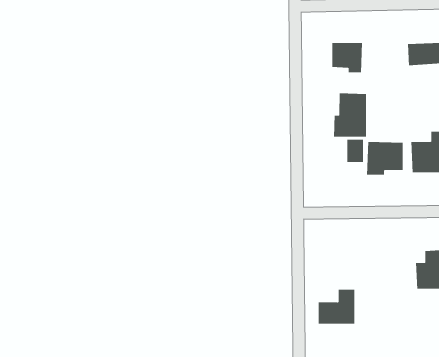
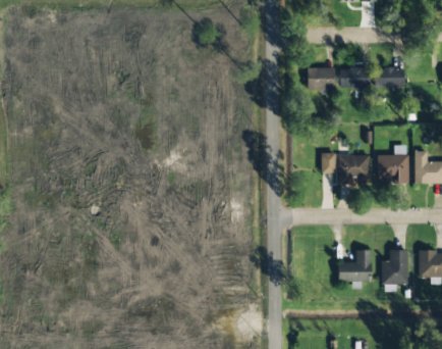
building: none -> [340,67,369,87]
building: [334,92,367,137] -> none
building: [318,289,355,324] -> [338,250,371,281]

